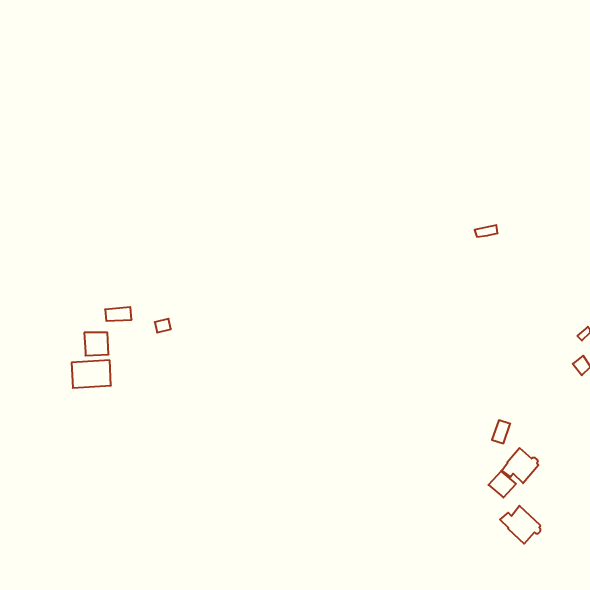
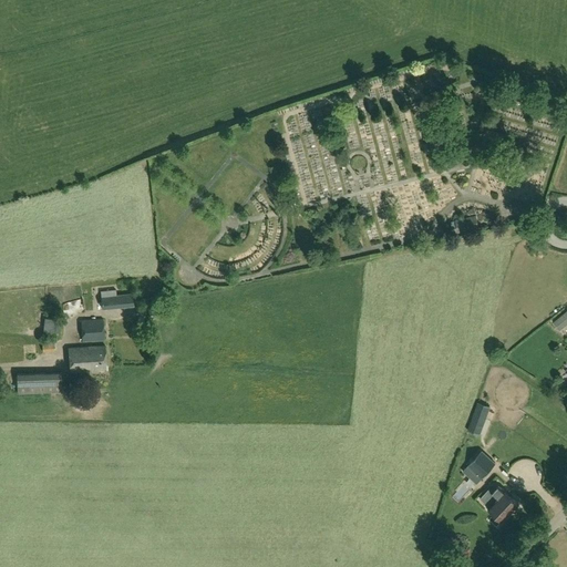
building: none -> [17,372,62,393]
building: [502,448,538,483] -> none

